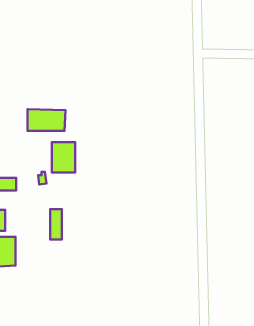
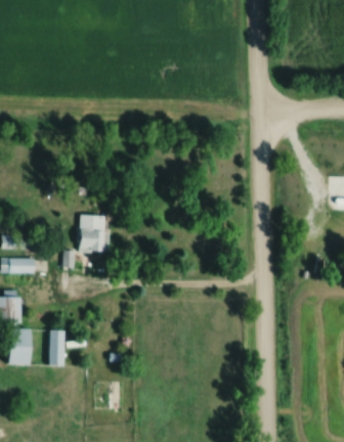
building: [28,109,66,131] -> none
building: [50,209,62,240] -> [50,329,64,366]

